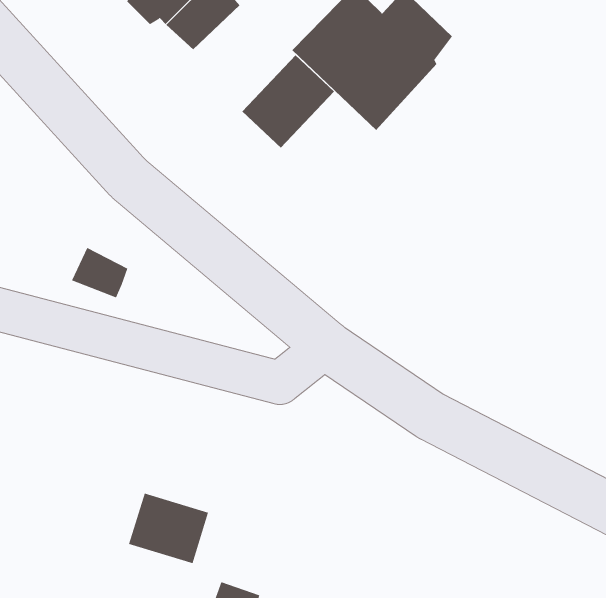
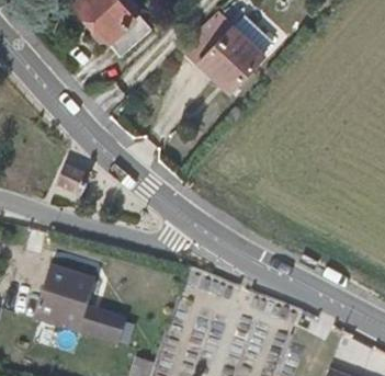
building: [241,55,335,148] -> none
building: none -> [39,265,100,331]

